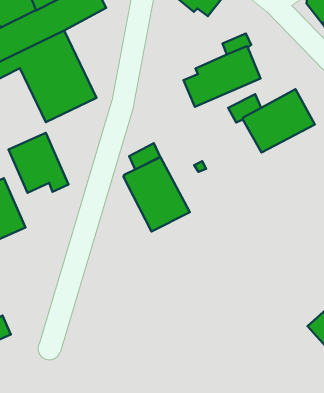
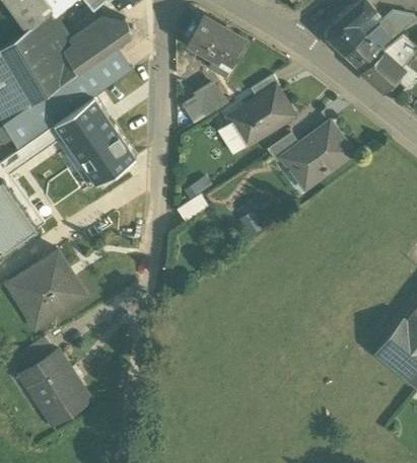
building: none -> [185,81,232,123]
building: [9,133,69,193] -> none
building: [123,157,190,232] -> none

